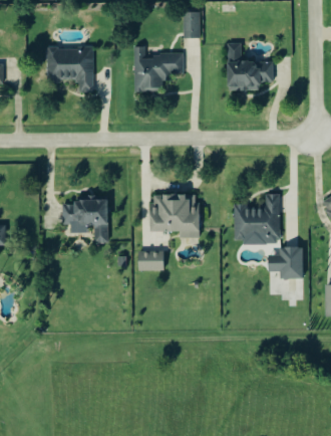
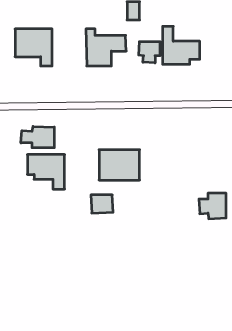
building: none -> [139,42,160,63]
building: none -> [21,126,54,148]
building: [235,194,279,239] -> none

